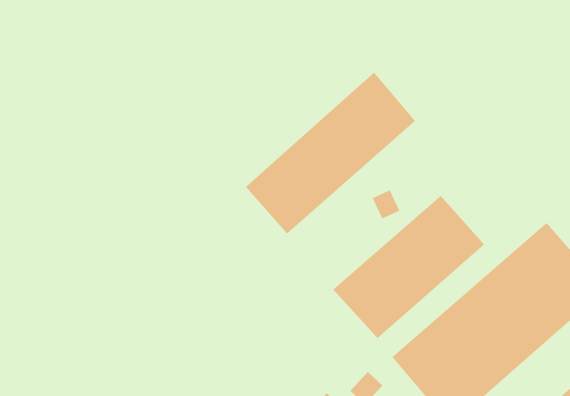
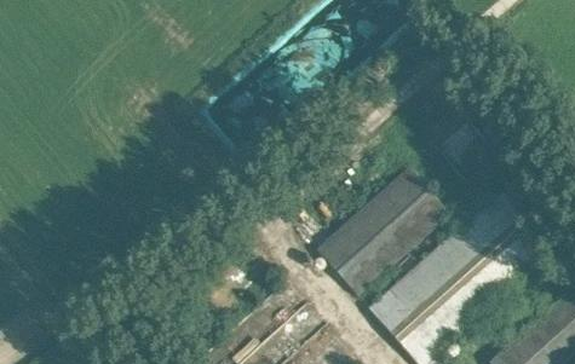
building: [245,72,416,235] -> none

